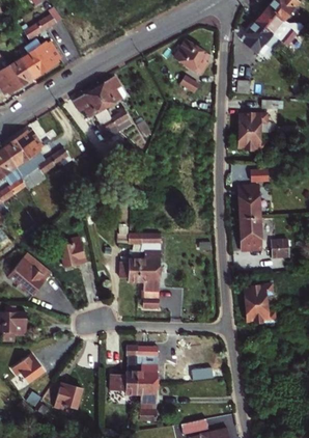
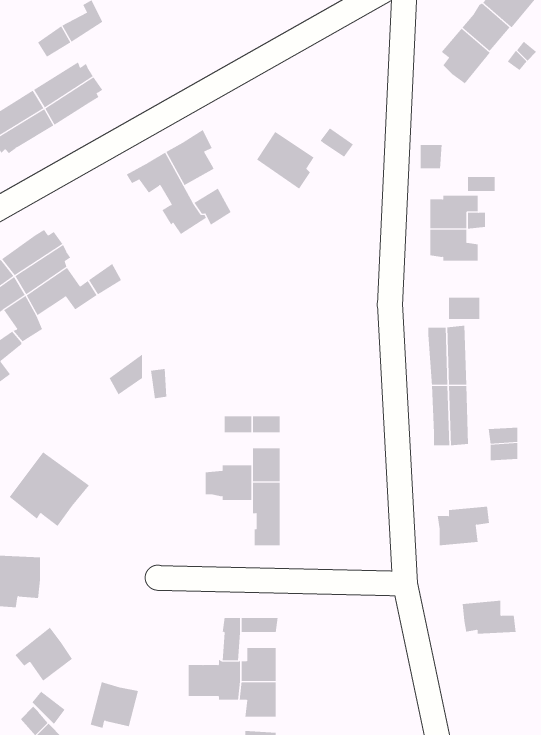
building: [176,43,208,75] -> [256,131,315,190]
building: [60,235,85,265] -> none
building: [245,305,275,324] -> [462,600,516,634]

